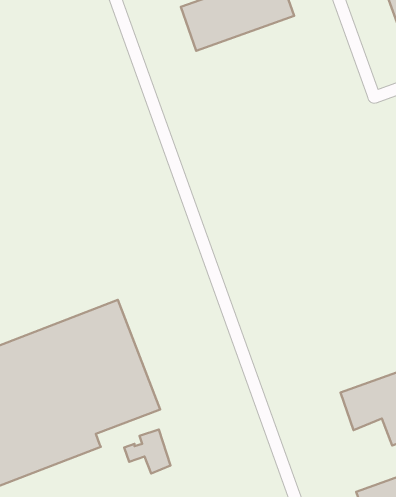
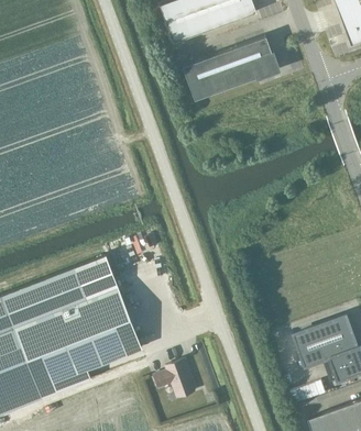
building: none -> [182,37,277,101]
building: [124,430,170,473] -> [153,362,193,399]

